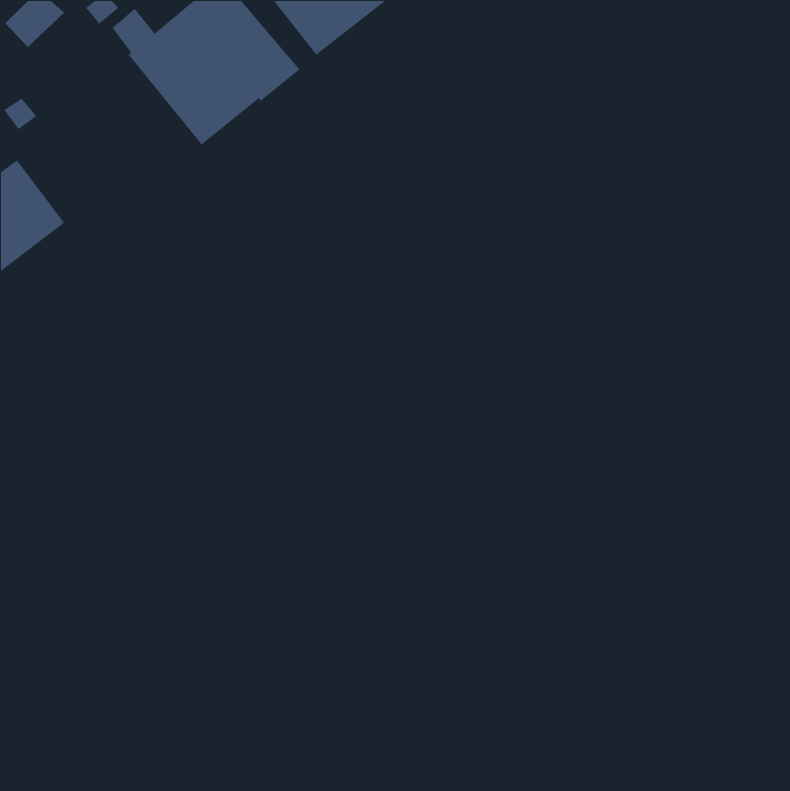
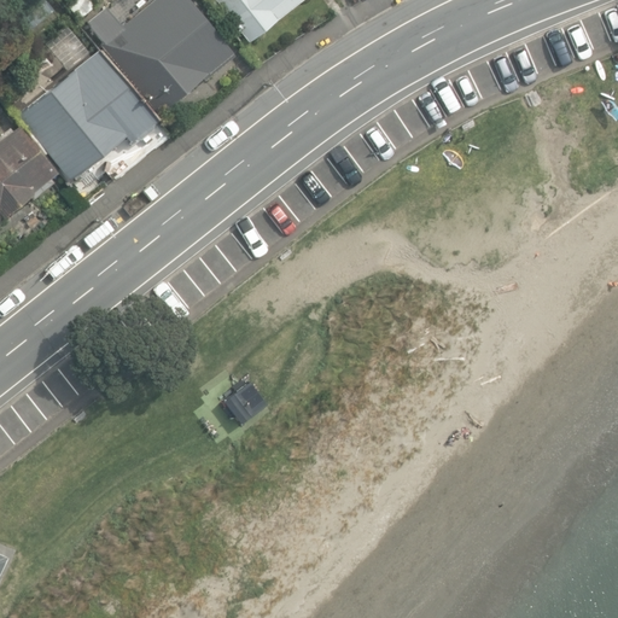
building: none -> [18,48,157,177]

